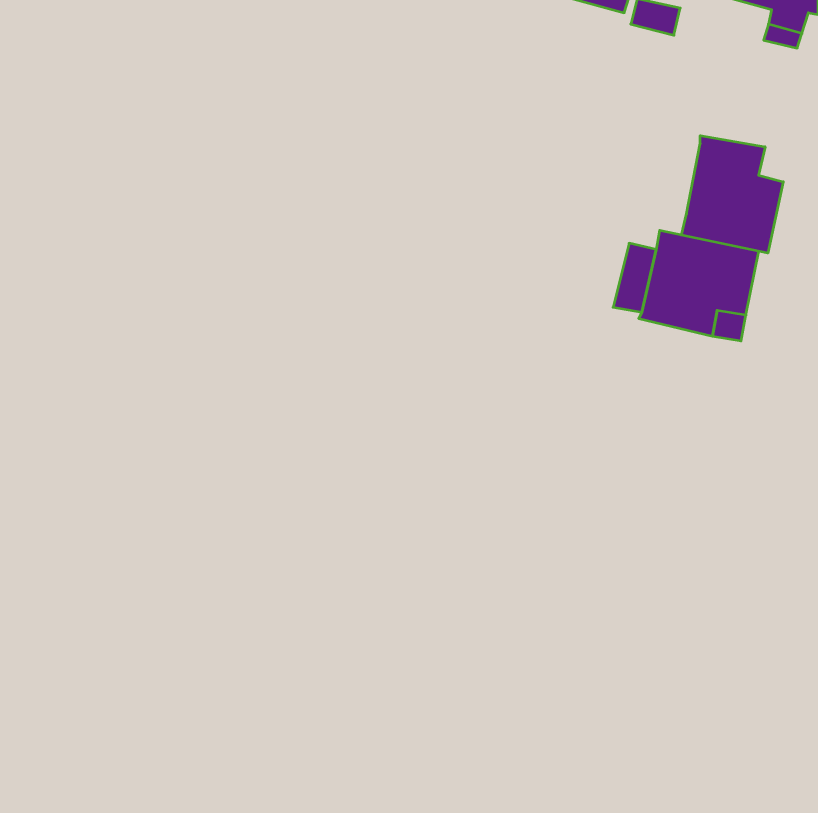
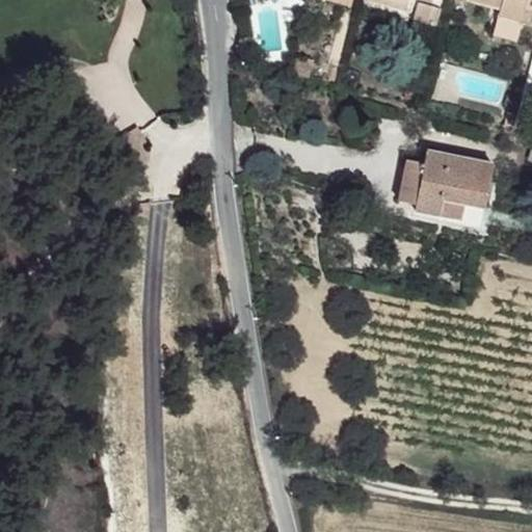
building: [681,136,783,253] -> none

